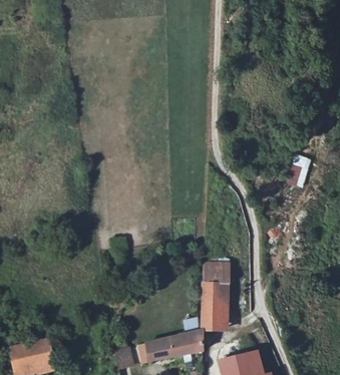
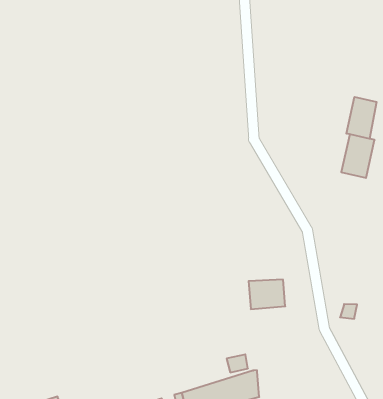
building: none -> [346,97,377,139]
building: [205,280,234,329] -> none

